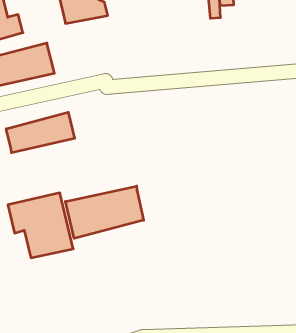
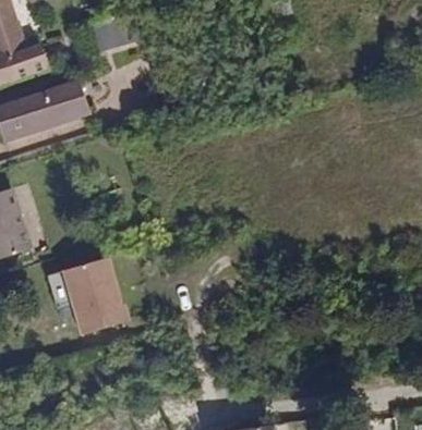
building: [6,112,75,153] -> none
building: [65,186,144,238] -> none

